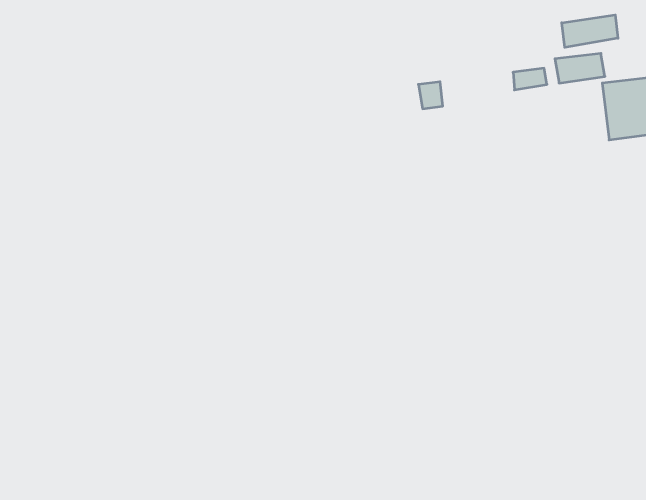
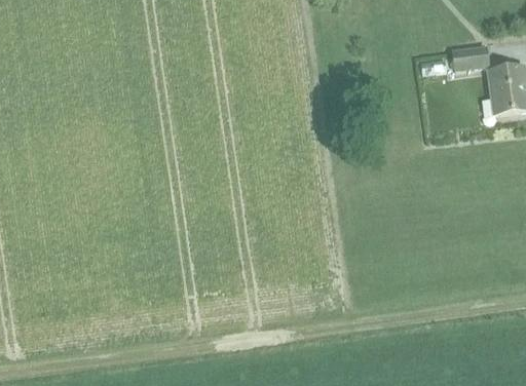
building: [562,15,618,47] -> none

